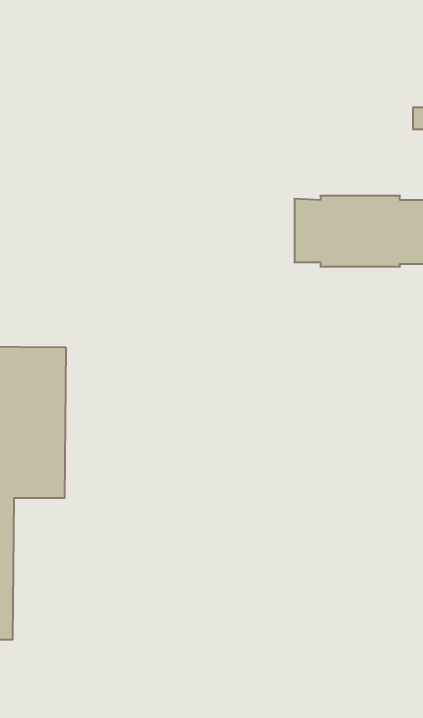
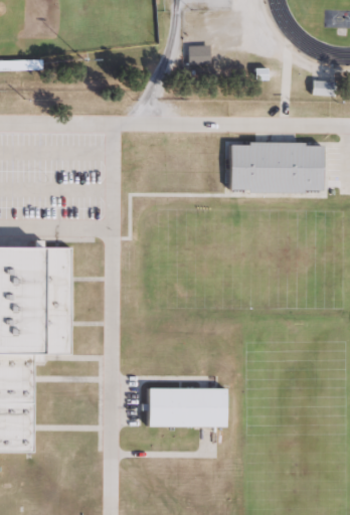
building: none -> [190,46,211,65]
building: none -> [149,388,226,426]

